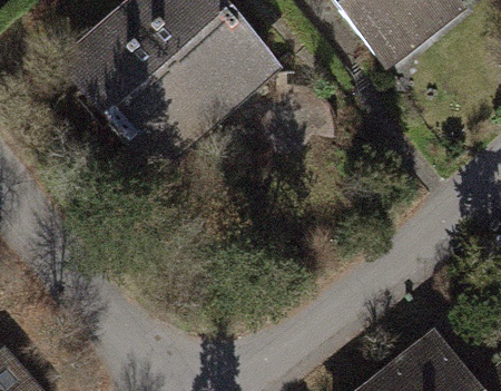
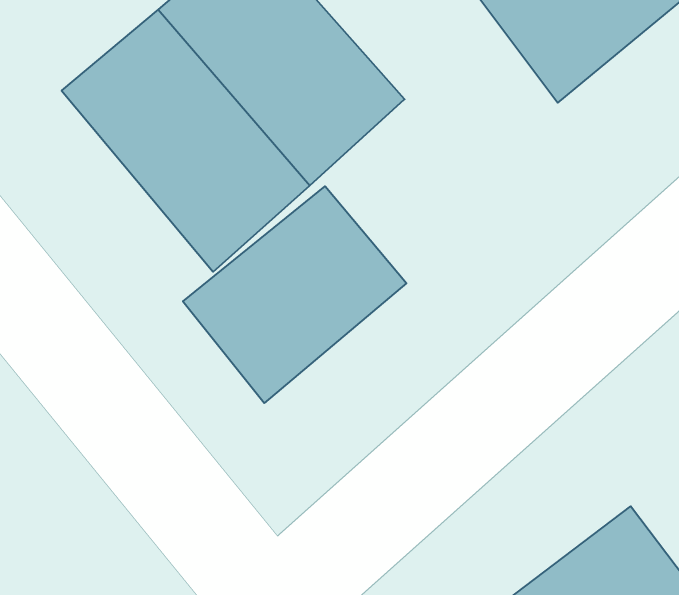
building: none -> [183,186,406,403]

